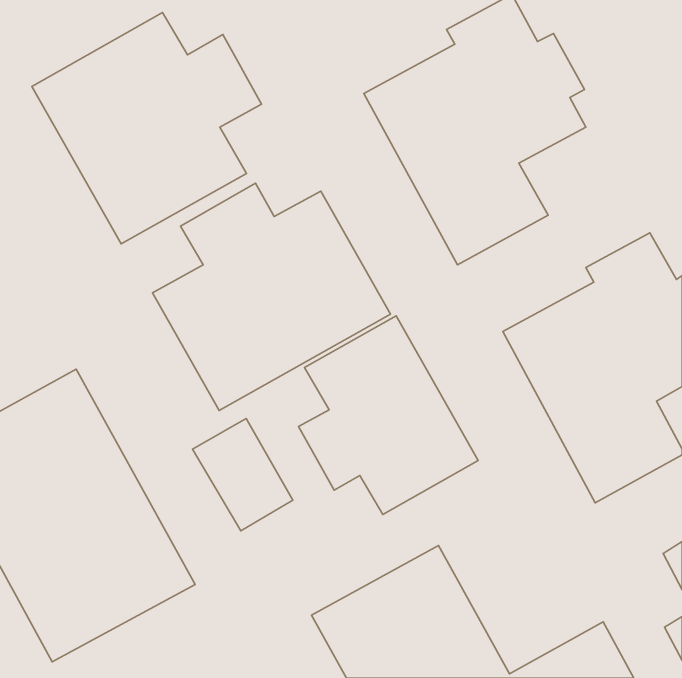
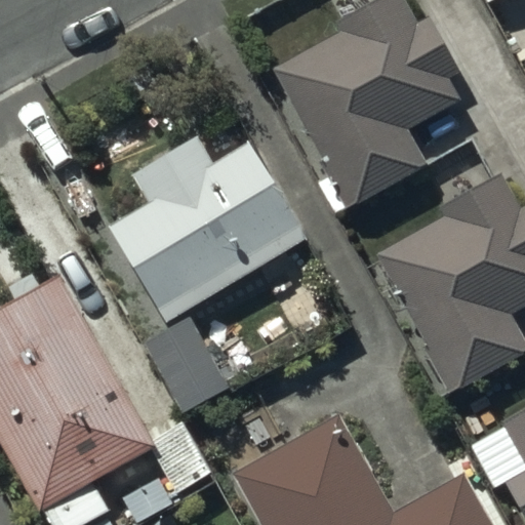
building: [32,13,262,244] -> none
building: [299,316,478,514] -> none

